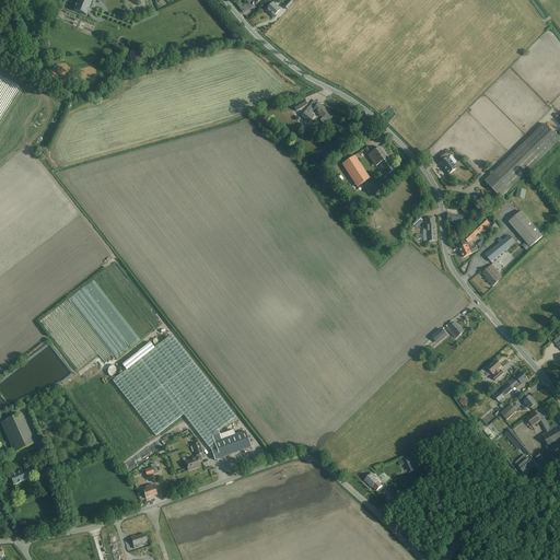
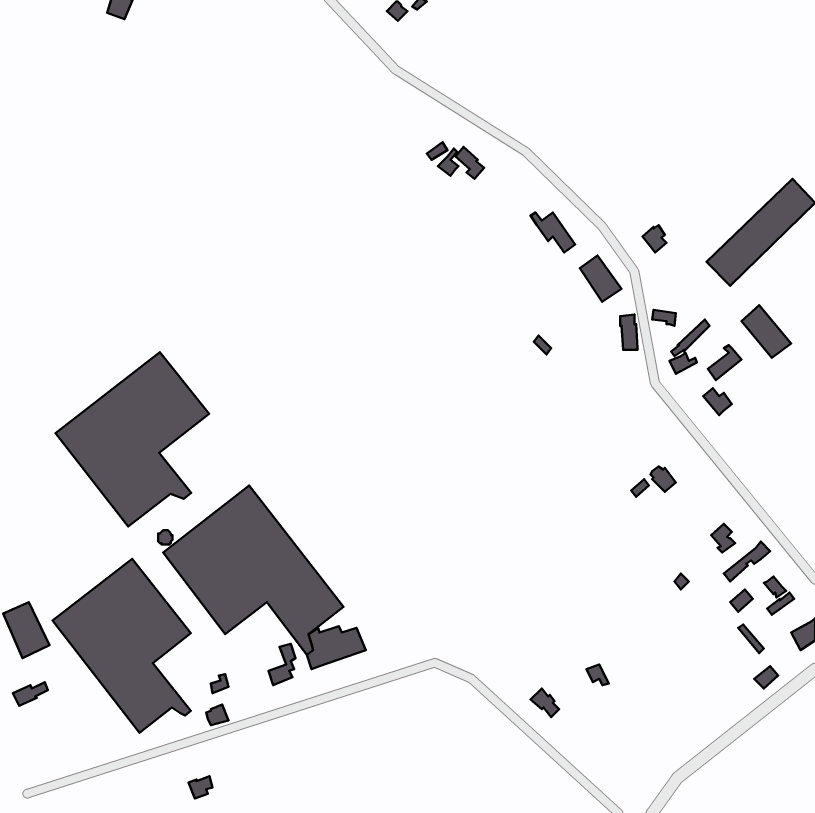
building: [341,154,370,186] -> [580,255,621,302]
building: none -> [55,352,209,527]
building: none -> [52,559,191,733]

